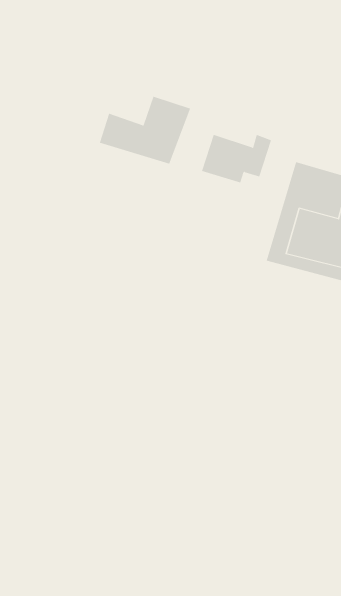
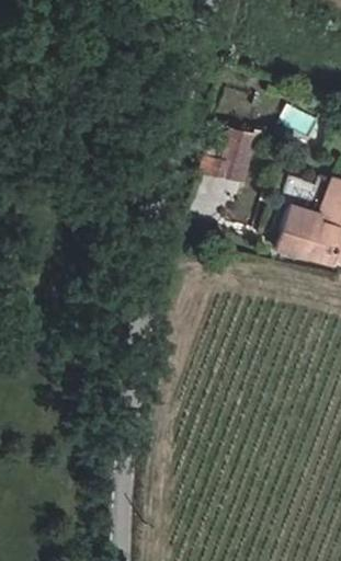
building: [99,96,191,165] -> none

